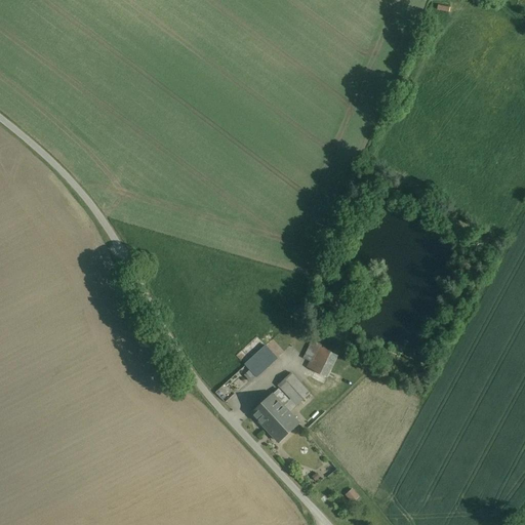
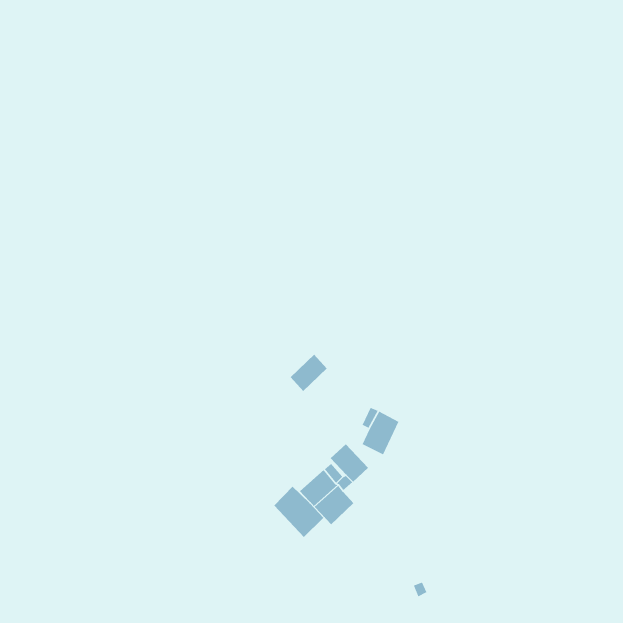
building: [244,345,276,376] -> [290,354,328,392]
building: none -> [274,486,324,538]

